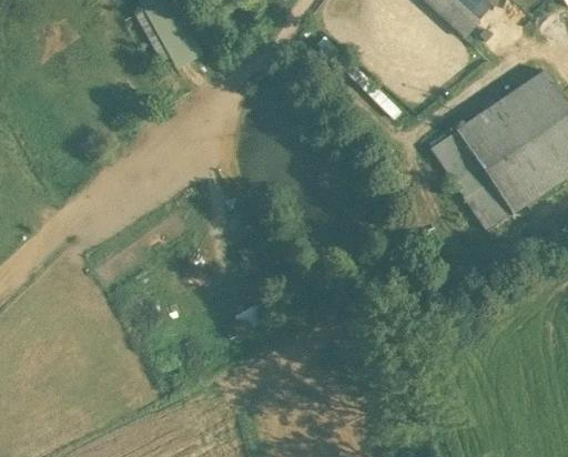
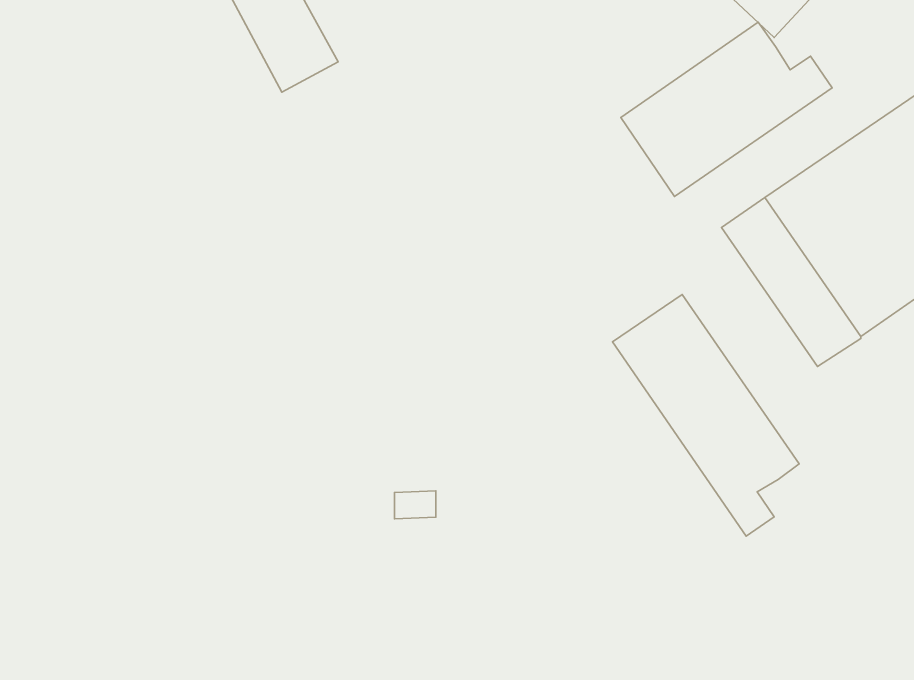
building: none -> [621,22,832,197]
building: none -> [612,294,799,536]

